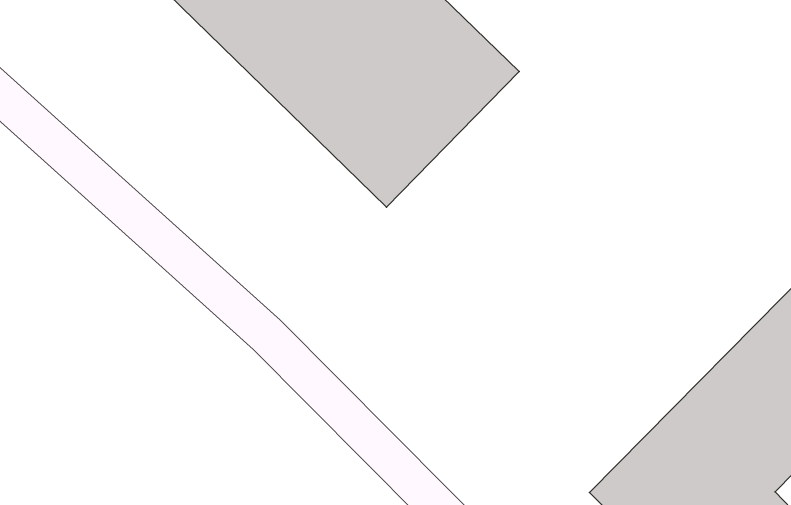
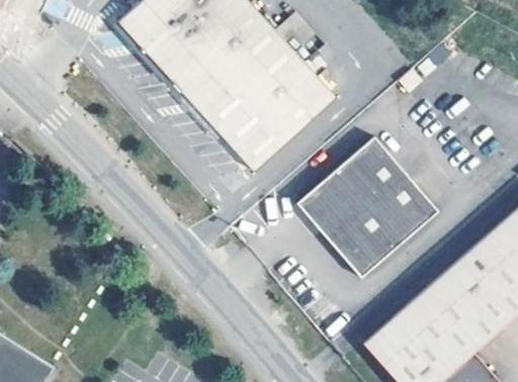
building: none -> [291,137,439,283]

